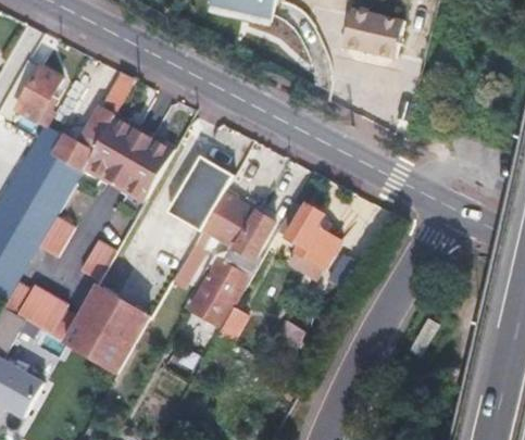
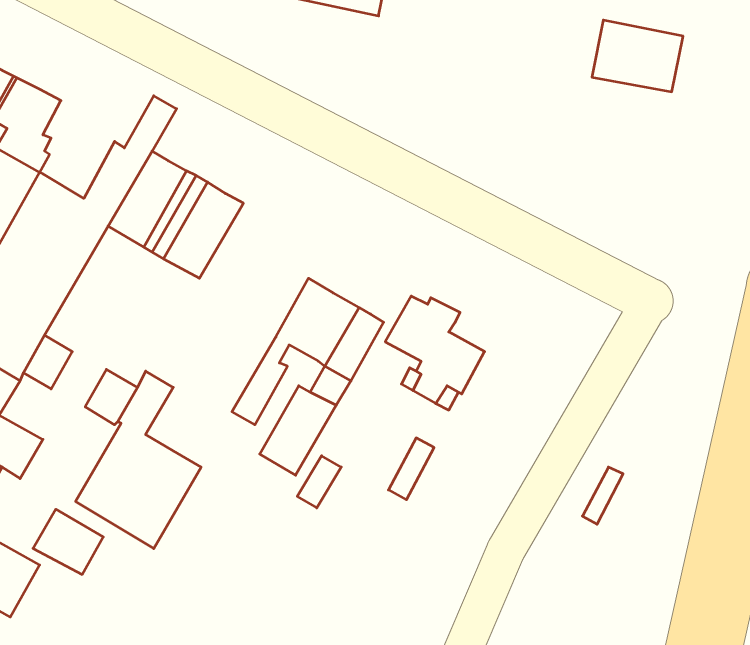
building: [340,15,401,63] -> [592,20,683,92]
building: [171,158,234,231] -> none
building: [32,300,78,343] -> [33,509,103,574]

